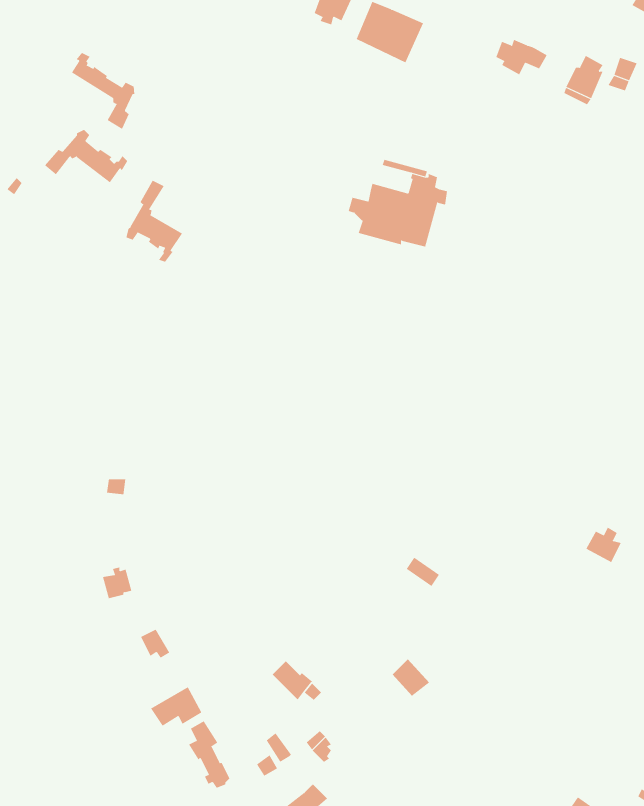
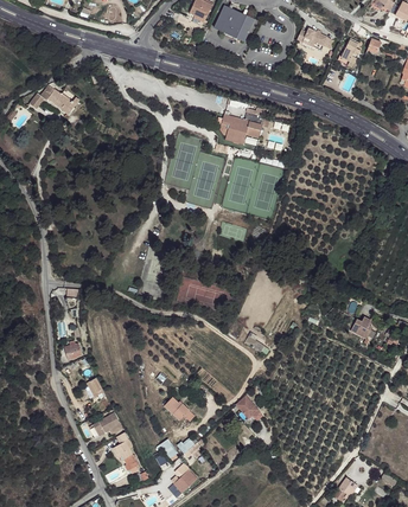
building: [71,52,135,130] -> none
building: [126,180,183,263] -> none

